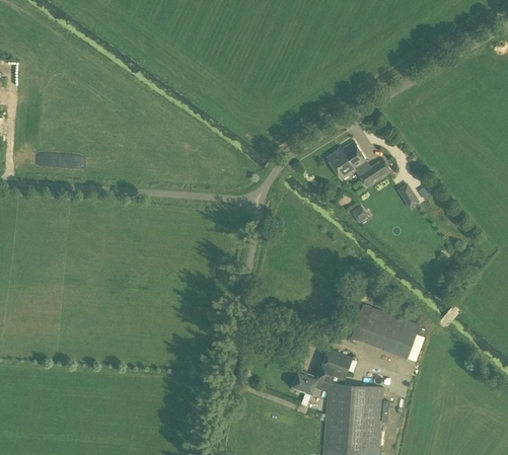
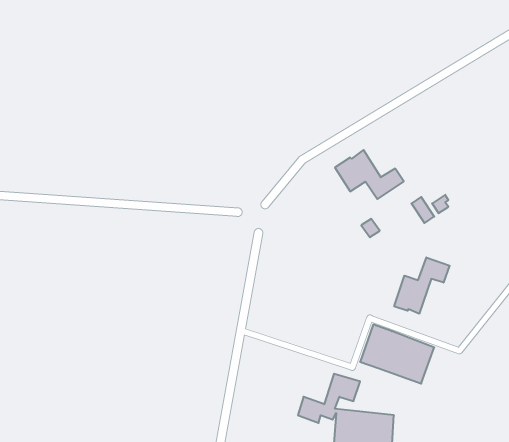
building: none -> [394,257,450,314]

